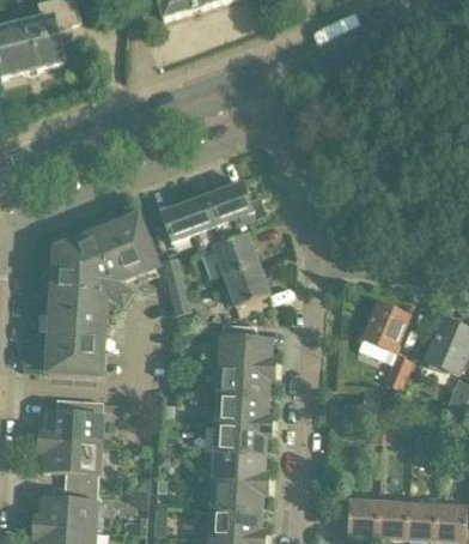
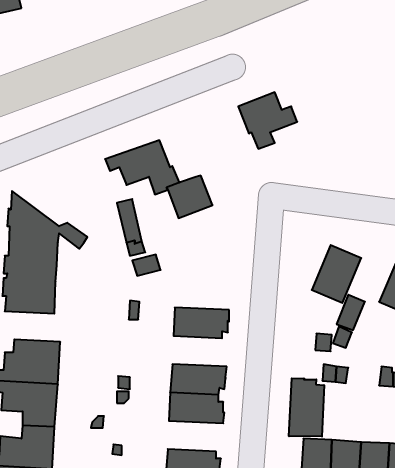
building: [205,182,264,240] -> [238,92,297,149]
building: [55,216,154,284] -> none
building: [224,262,269,306] -> none
building: [220,324,276,369] -> none
building: [218,395,273,427] -> none
building: none -> [289,378,324,437]
building: [213,482,269,513] -> none

